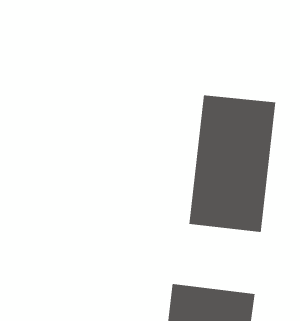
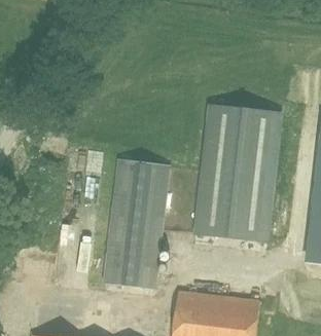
building: none -> [105,160,168,288]

